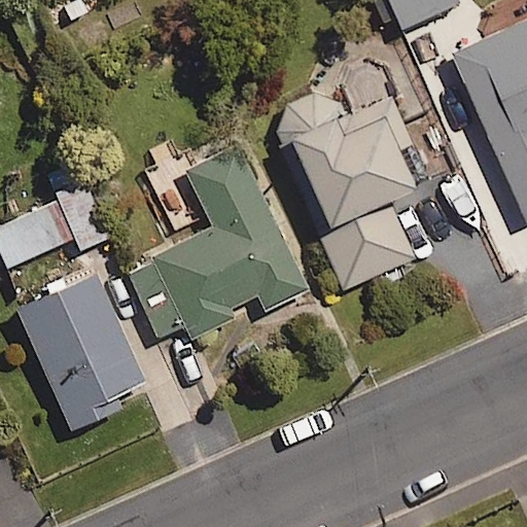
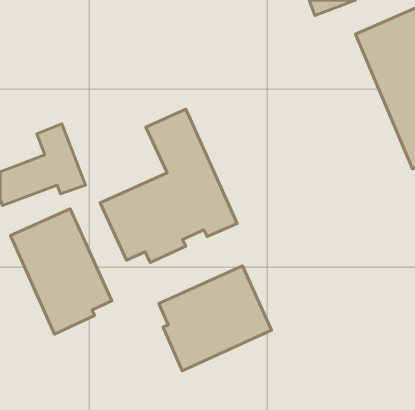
building: [277,55,415,289] -> none
building: none -> [159,266,271,371]

